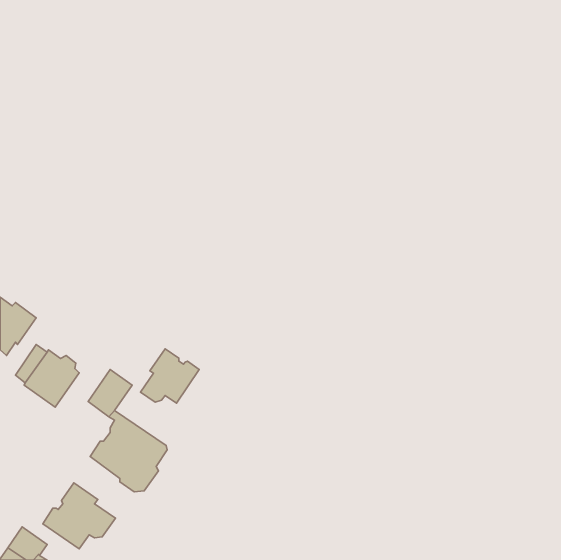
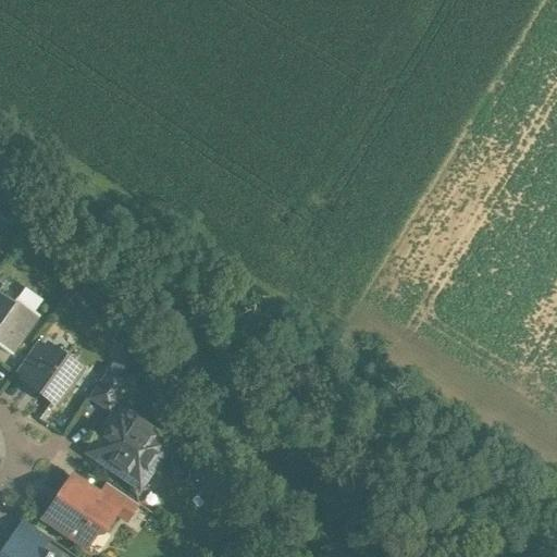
building: [140,349,199,403] -> none
building: none -> [95,483,137,520]

